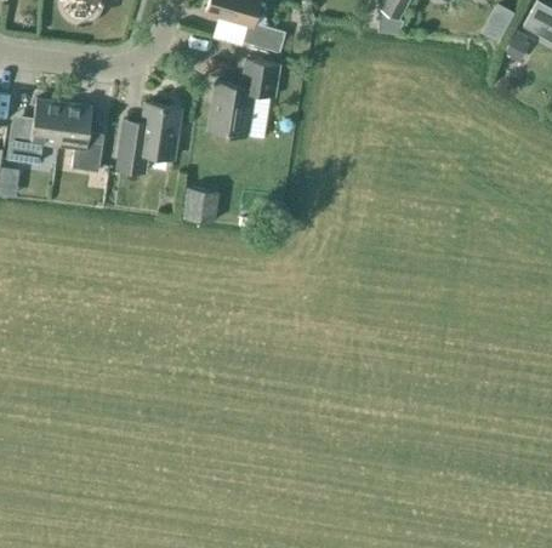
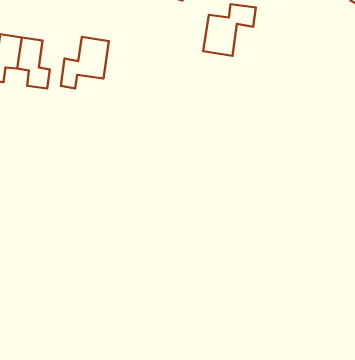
building: [207,67,278,136] -> [203,4,256,56]
building: [186,187,217,219] -> none

